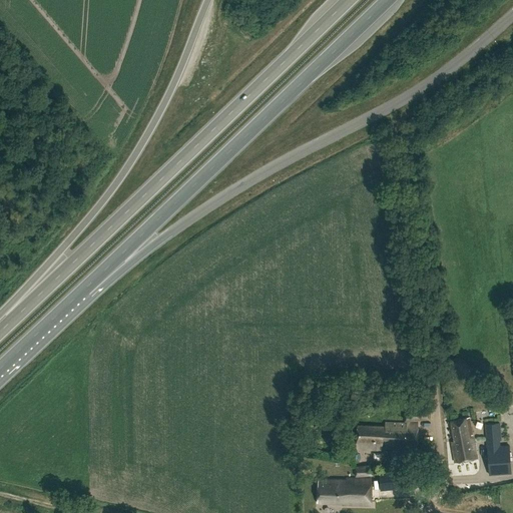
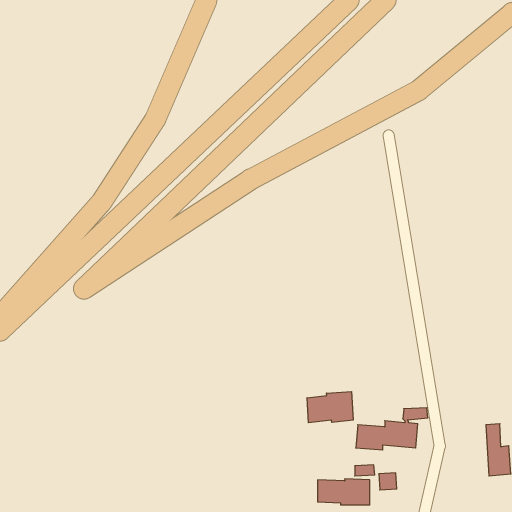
building: none -> [307,392,353,423]
building: [451,419,477,463] -> none

